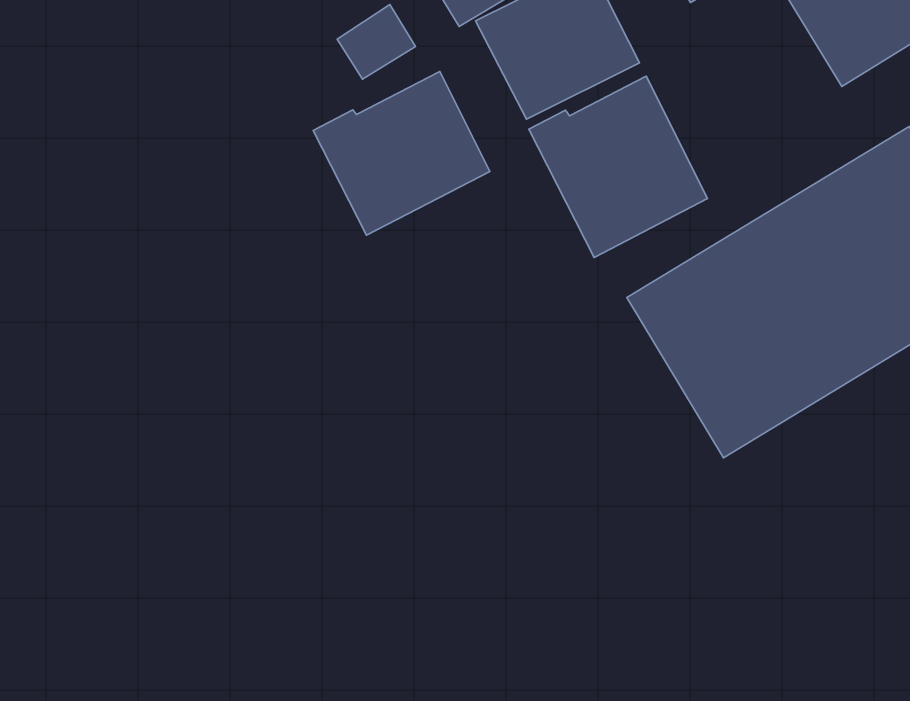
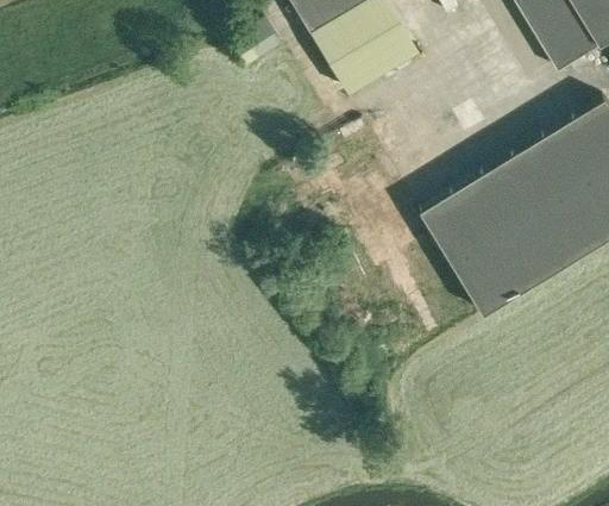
building: [313,71,490,235] -> none
building: [529,76,707,257] -> none

